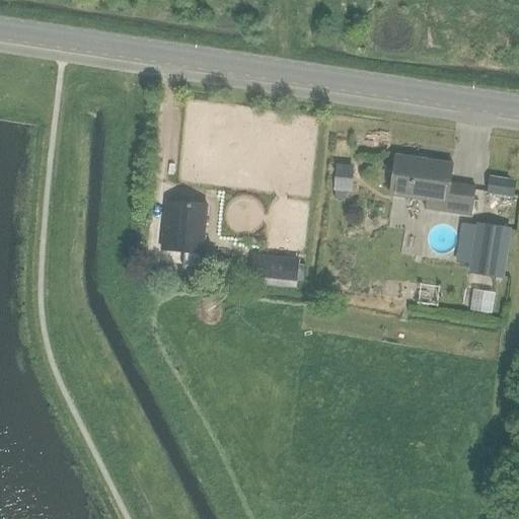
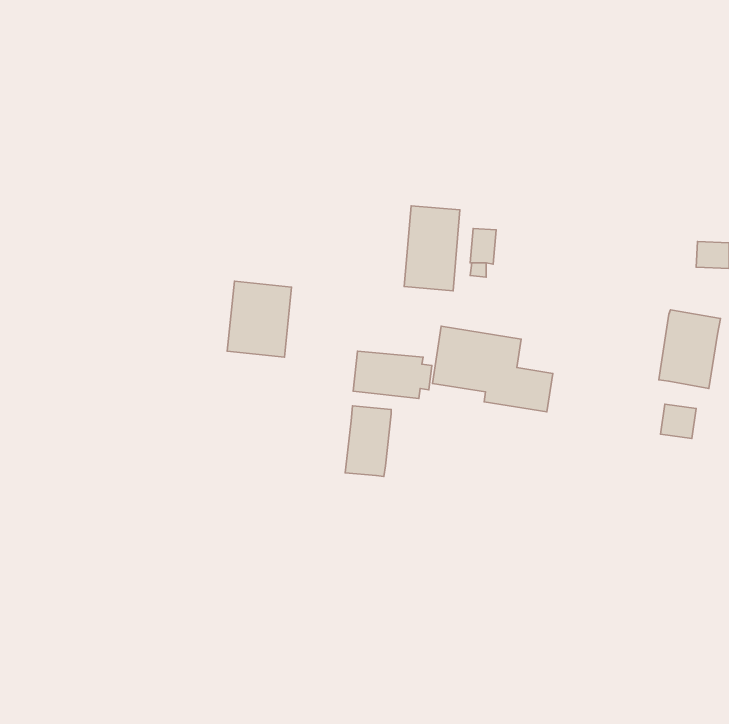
building: none -> [404,206,460,291]
building: [389,154,474,215] -> [433,326,553,412]
building: none -> [345,406,391,477]

